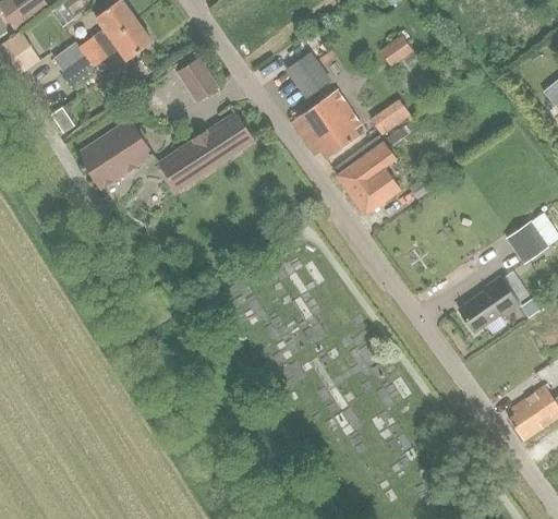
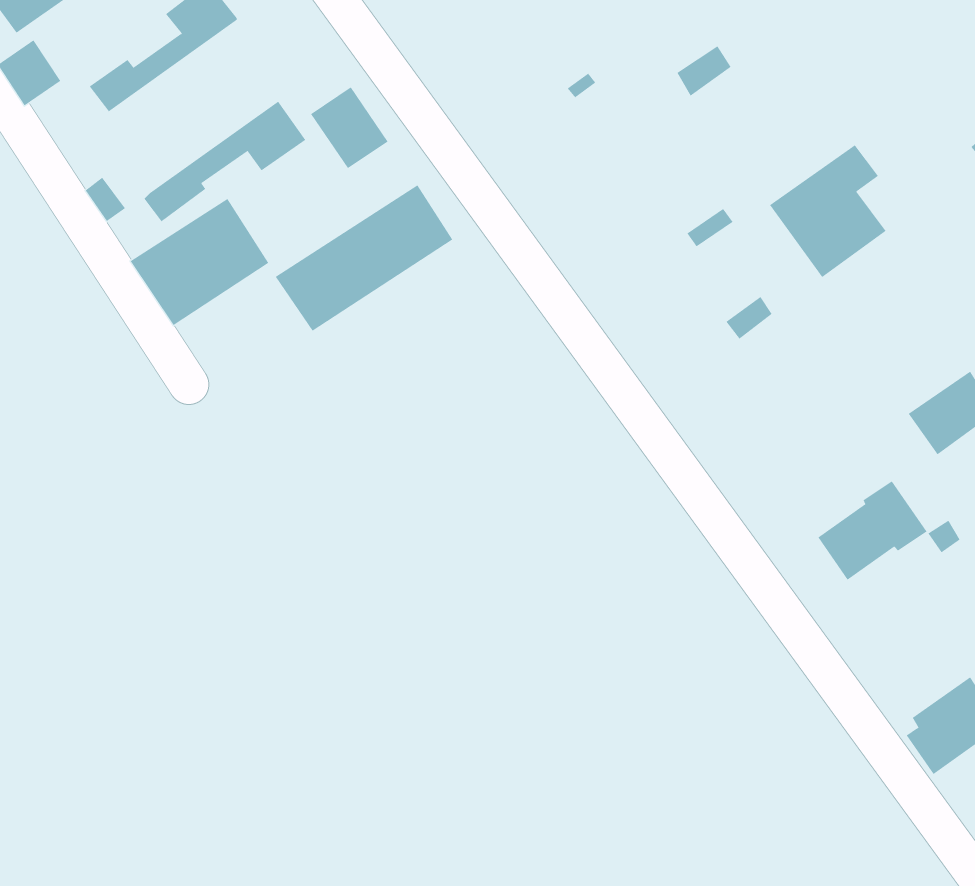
building: [61,20,151,87] -> [143,101,306,222]
building: [284,56,323,98] -> none
building: [291,88,361,157] -> none
building: [373,99,411,135] -> none
building: [336,141,401,215] -> [769,144,887,278]

